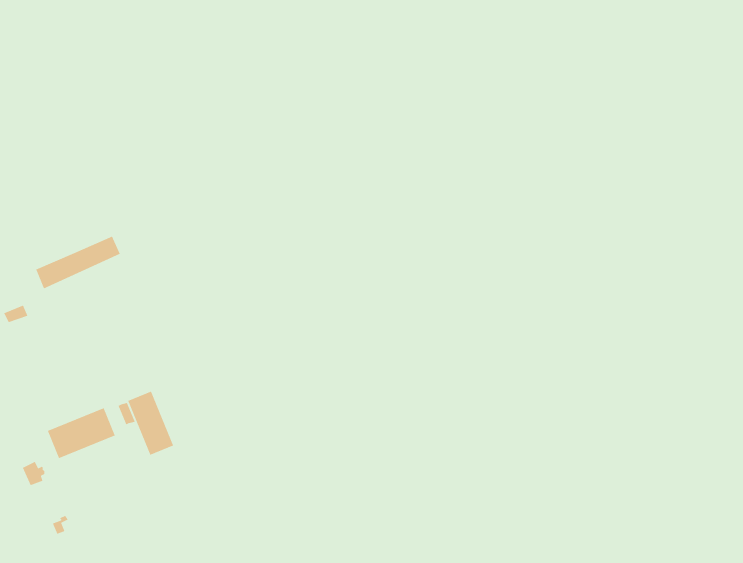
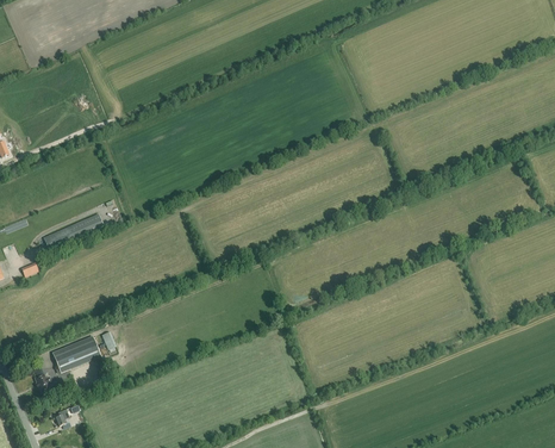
building: [127,391,174,456] -> none

